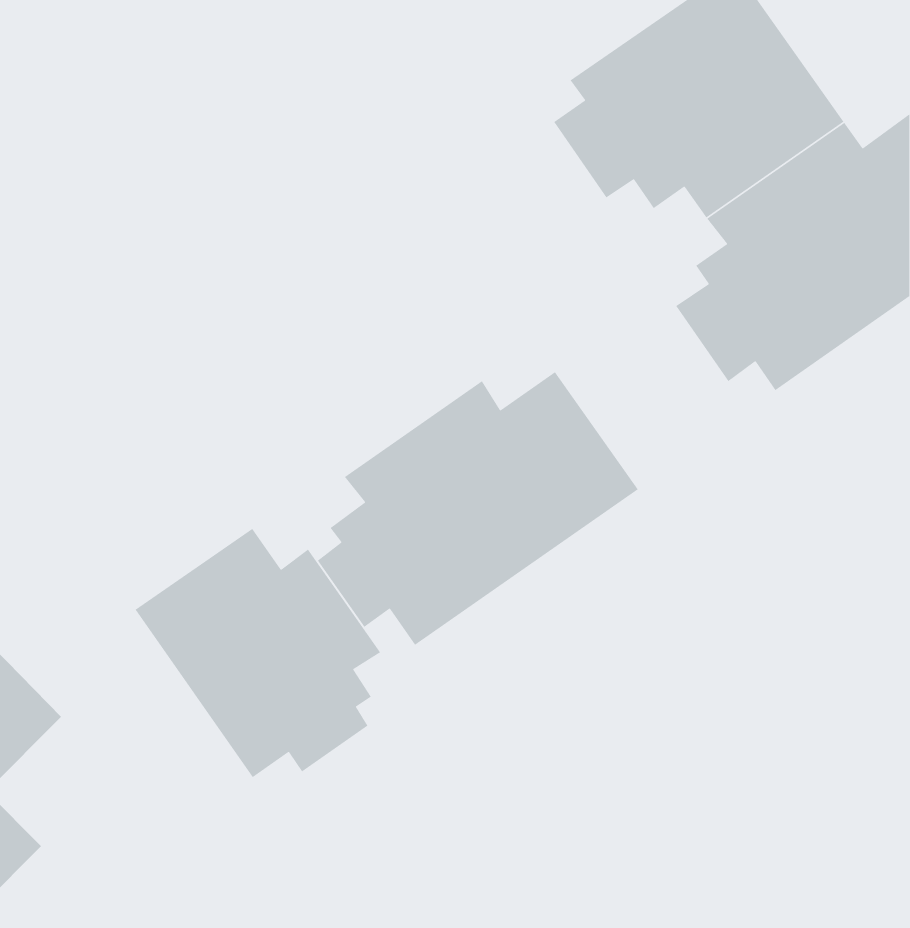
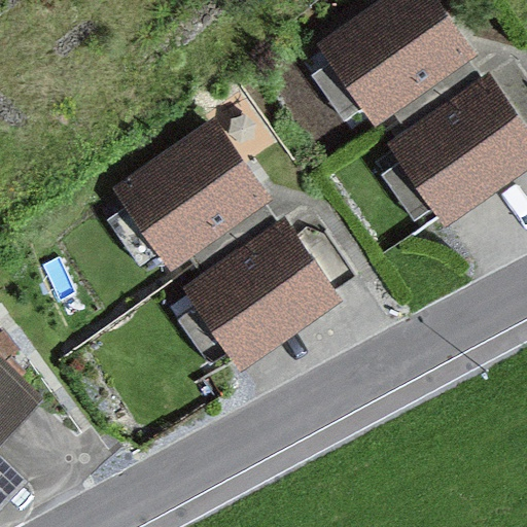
building: none -> [110,128,273,270]
building: [135,528,381,778] -> none

